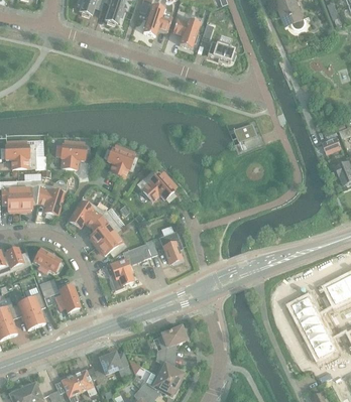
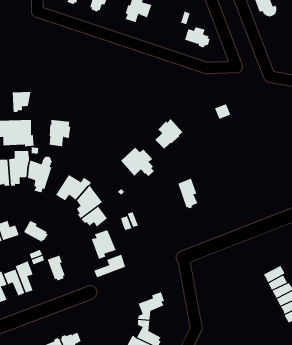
building: [171,18,199,47] -> none
building: none -> [12,91,31,113]
building: none -> [154,118,184,150]
building: [103,144,135,176] -> none
building: [159,230,182,263] -> [177,178,198,209]
building: none -> [93,254,126,278]
building: [99,351,129,374] -> none

